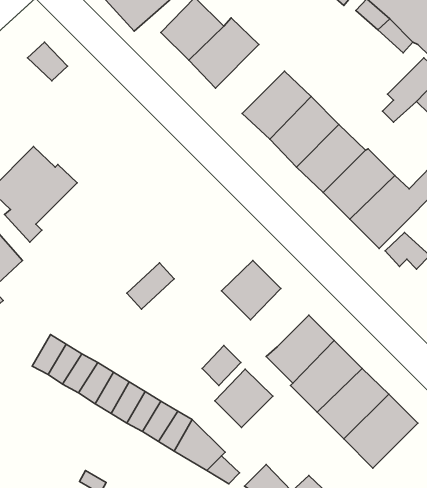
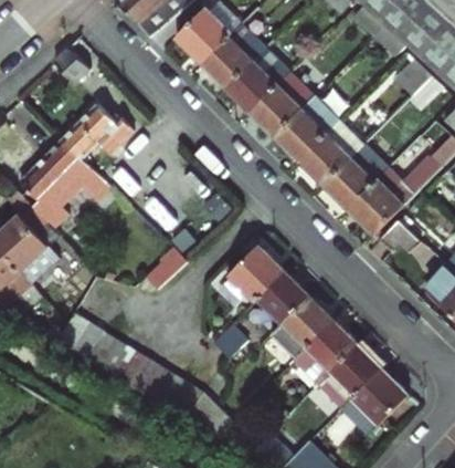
building: none -> [225,49,288,112]
building: none -> [60,104,134,160]
building: [215,369,273,428] -> [257,271,310,324]

